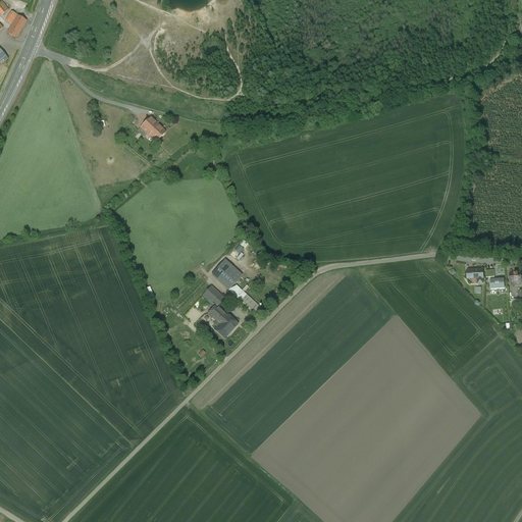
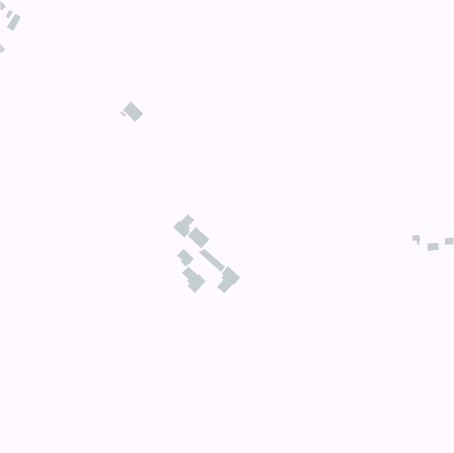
building: none -> [173,213,195,239]
building: none -> [216,265,241,294]

